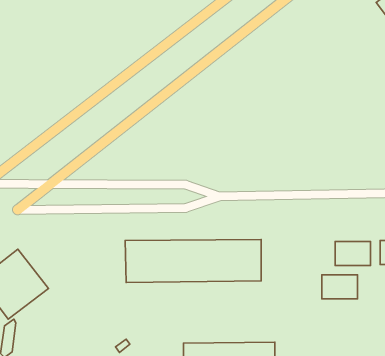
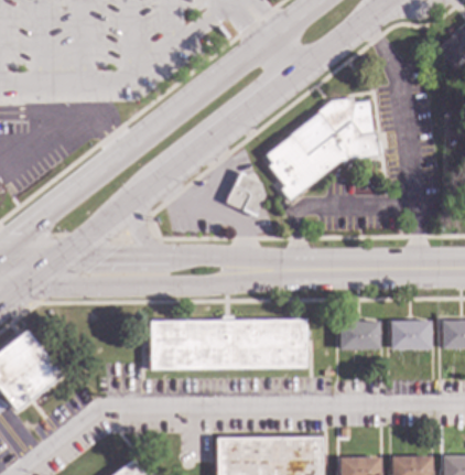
building: none -> [267,97,379,202]
building: none -> [226,171,264,217]
building: [322,275,357,299] -> [339,322,380,349]

